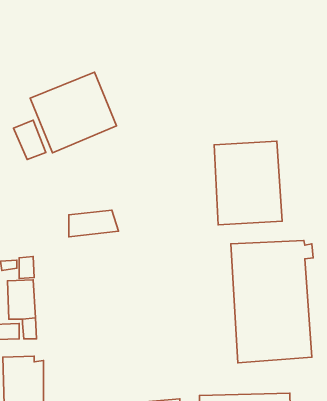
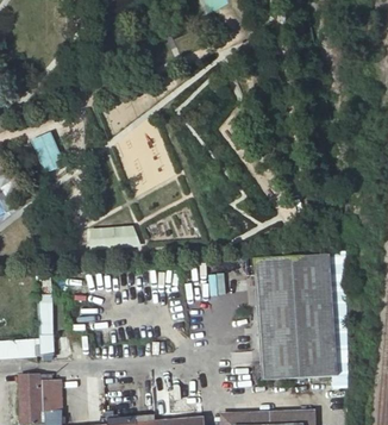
building: [30,72,116,153] -> none
building: [214,141,282,225] -> none

